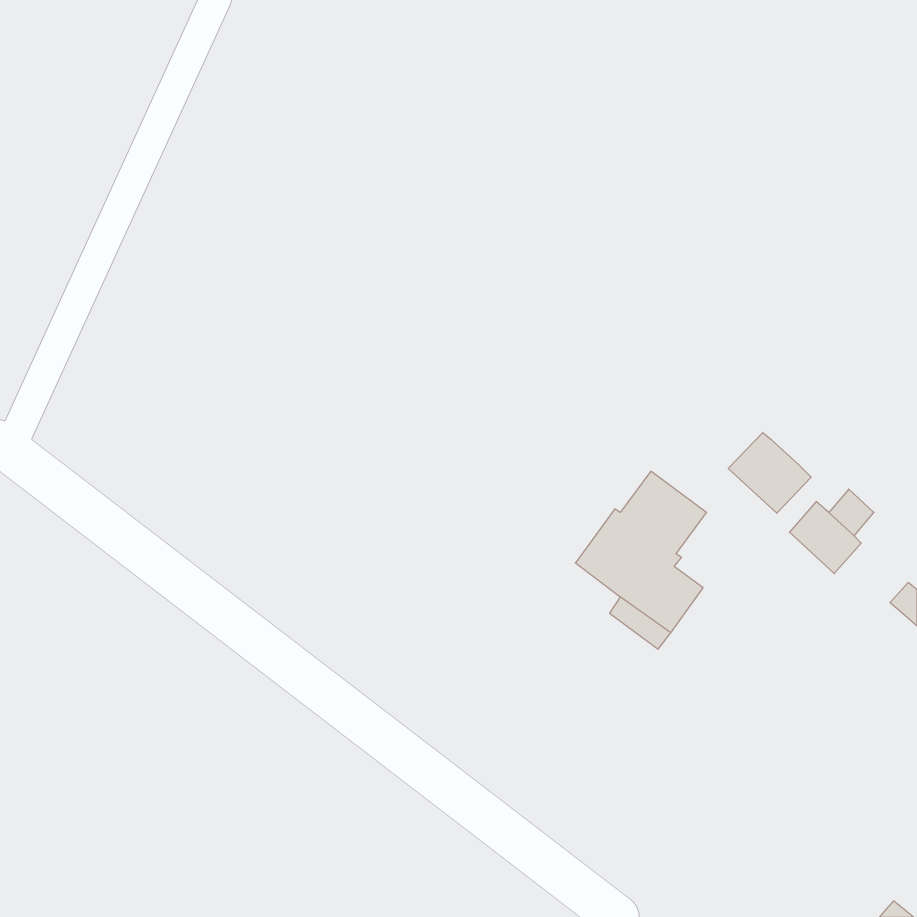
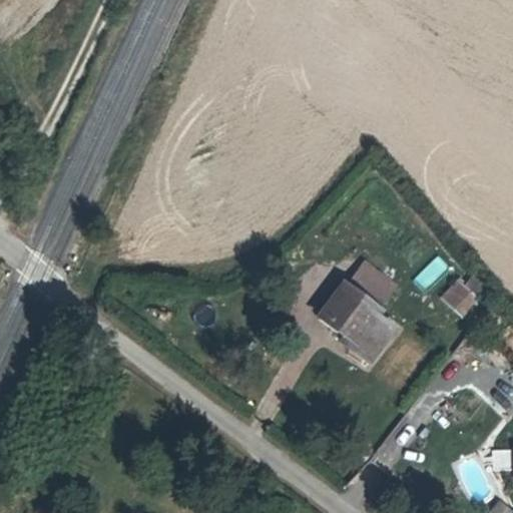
building: [728,432,811,513] -> none

